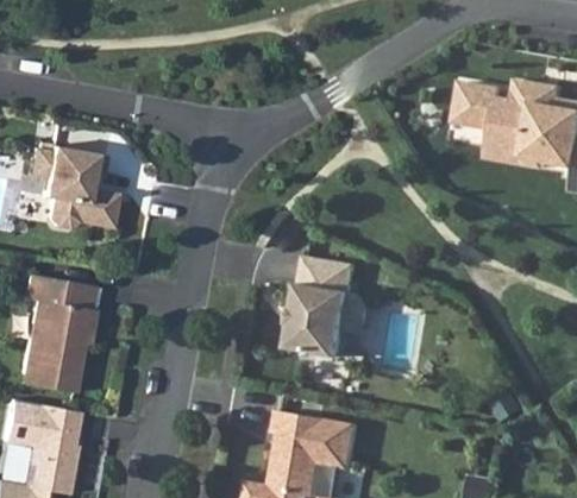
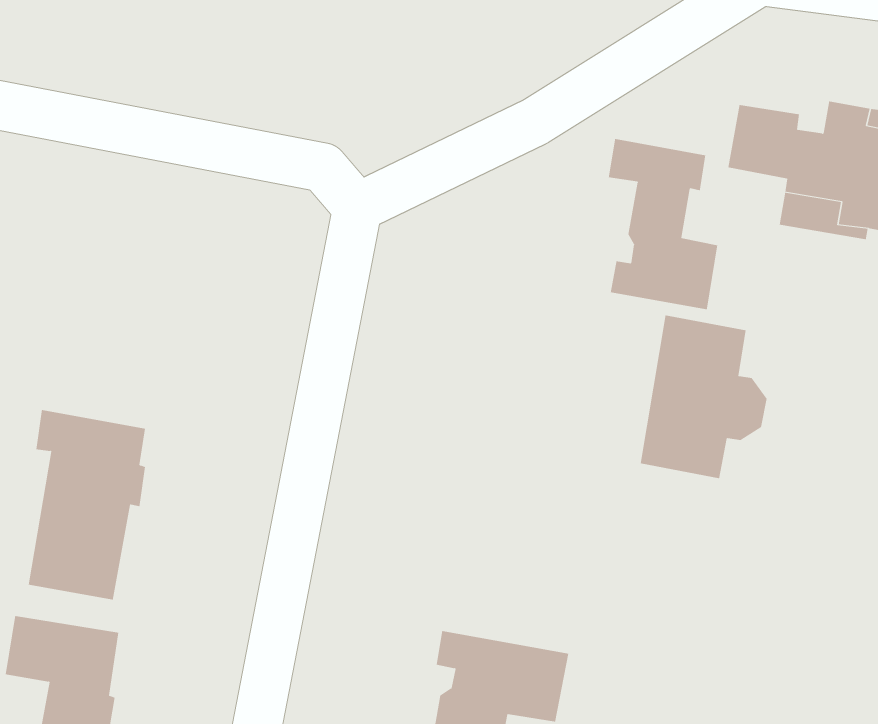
building: none -> [608,138,718,310]
building: [30,145,117,228] -> none
building: [290,256,370,358] -> [640,315,768,479]

